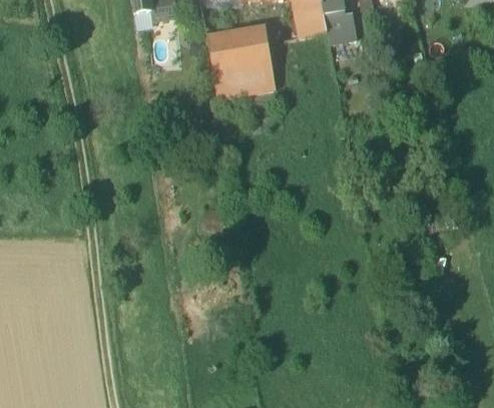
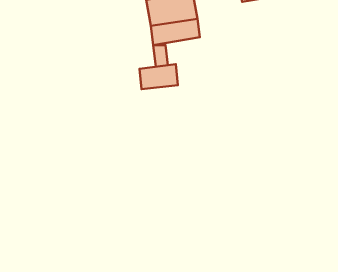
building: none -> [140,64,178,89]

